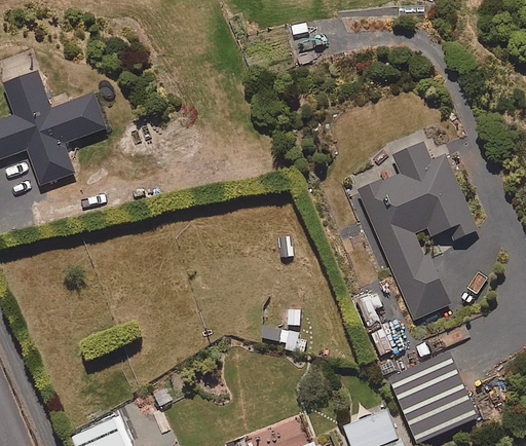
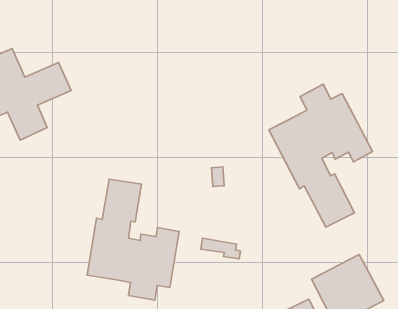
building: none -> [87,179,179,300]

